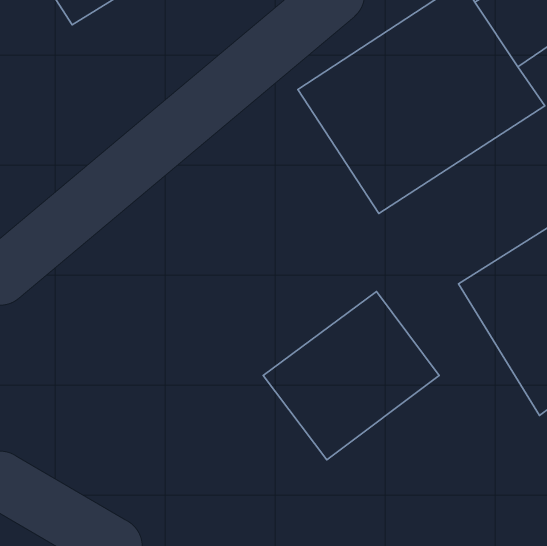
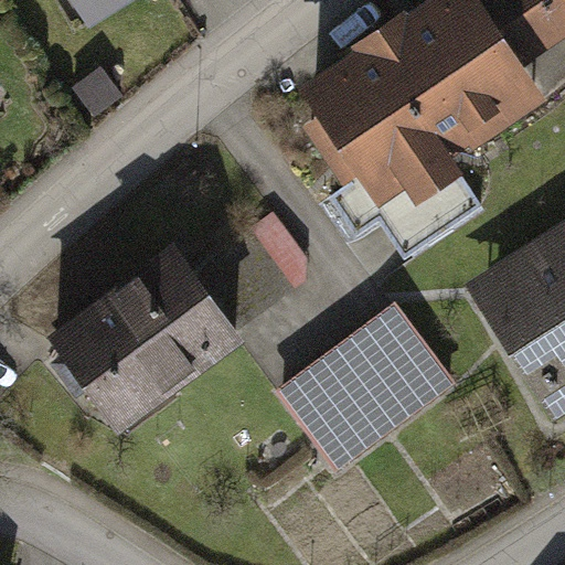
building: none -> [38,239,243,436]

